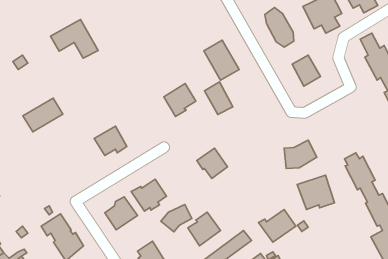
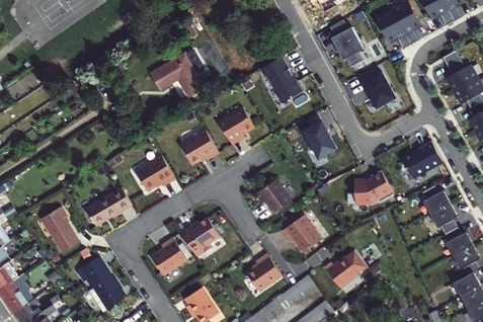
building: [50,19,98,58] -> [150,53,205,97]
building: [205,82,233,115] -> [304,119,336,157]
building: [23,98,63,132] -> [86,187,132,226]
building: none -> [181,130,218,163]
building: none -> [402,143,441,178]
building: none -> [41,209,78,253]
building: [297,175,335,210] -> none
building: none -> [279,219,317,255]
building: [161,205,192,232] -> none

